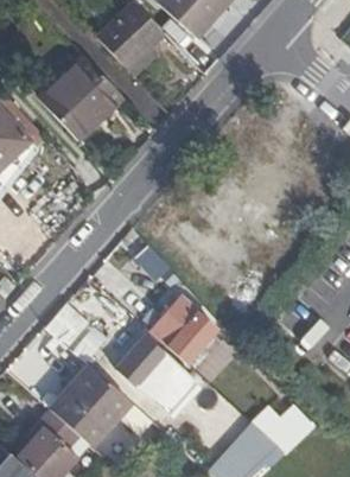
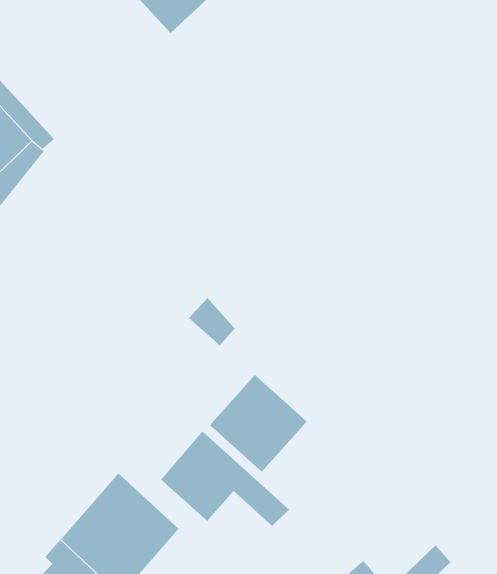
building: [37,55,123,141] -> none

